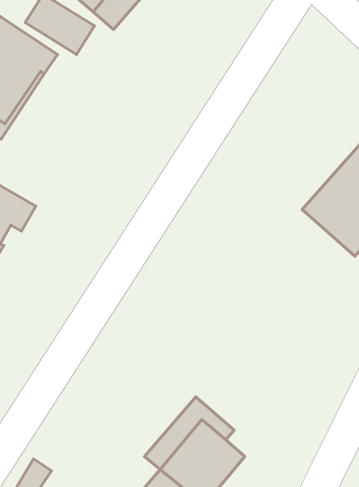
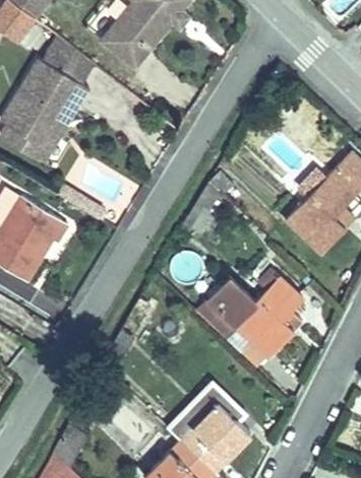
building: none -> [199,274,291,358]

